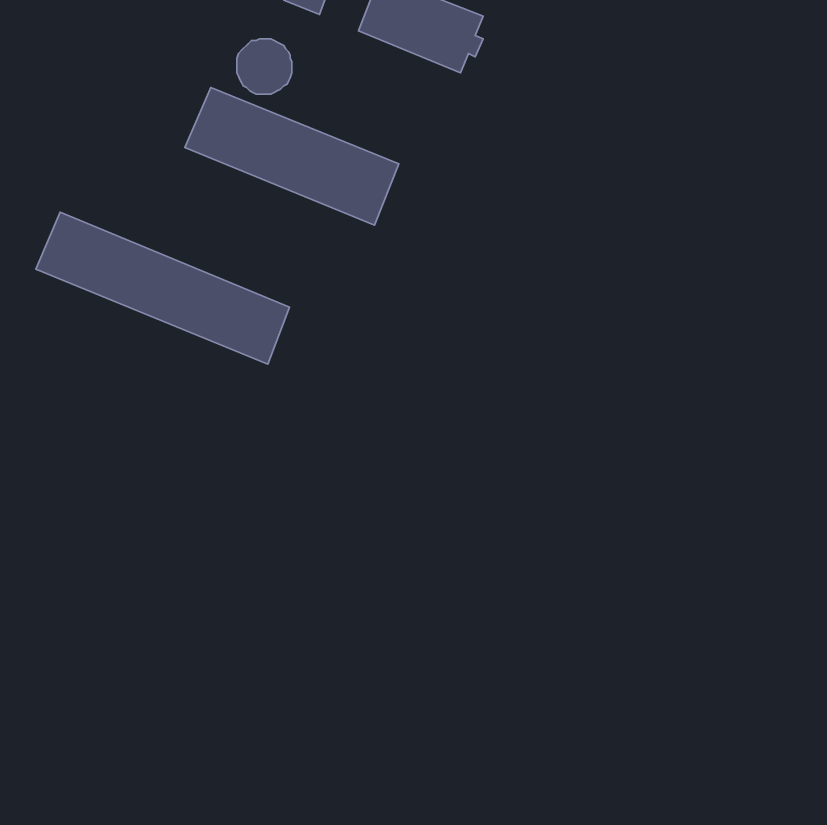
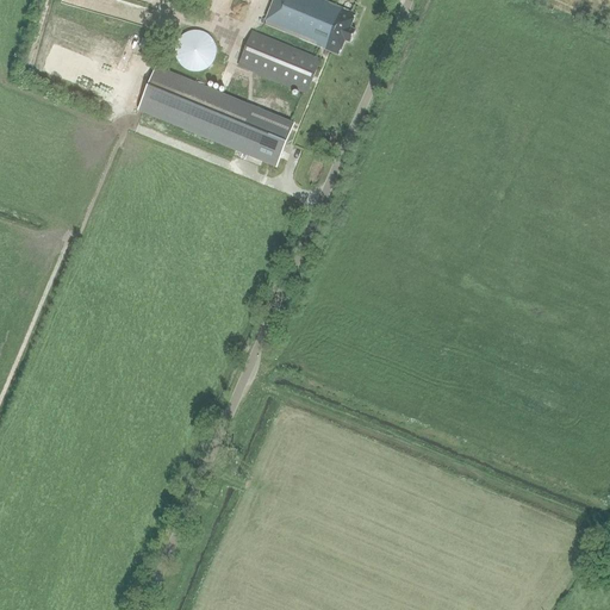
building: none -> [237,30,320,92]
building: [36,212,290,364] -> none

